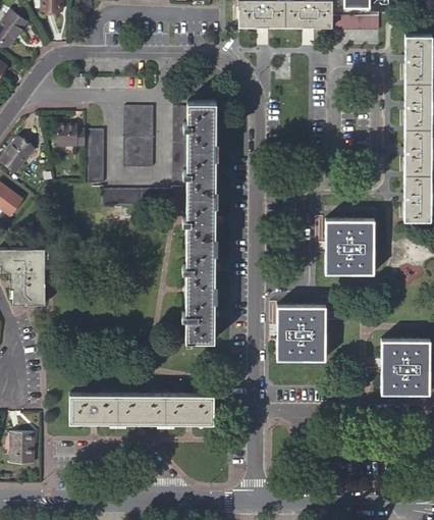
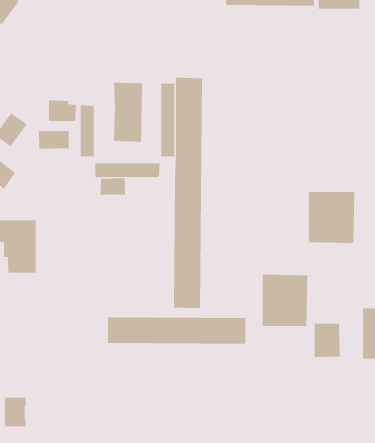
building: none -> [38,130,69,149]
building: none -> [100,178,126,195]
building: none -> [314,323,340,358]
building: [71,394,215,422] -> [107,317,246,344]

